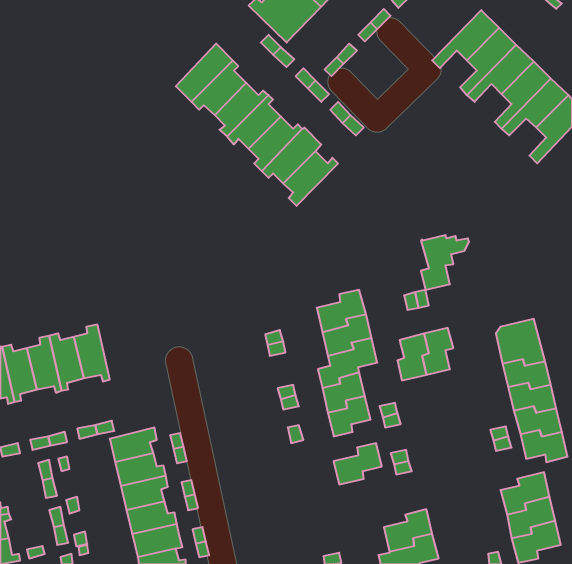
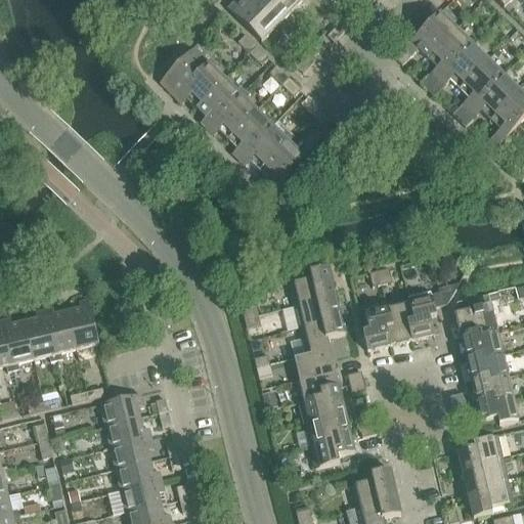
building: [421,235,469,290] -> [407,288,451,338]
building: none -> [300,384,344,422]
building: none -> [310,427,355,466]

